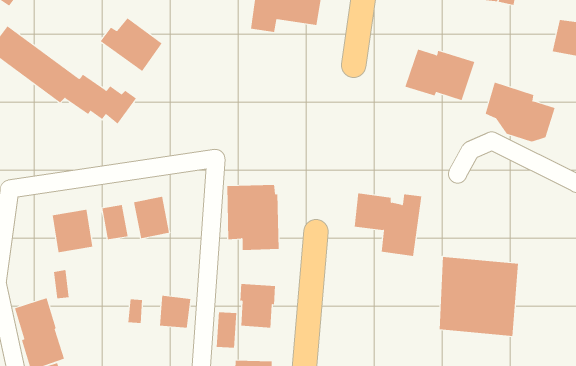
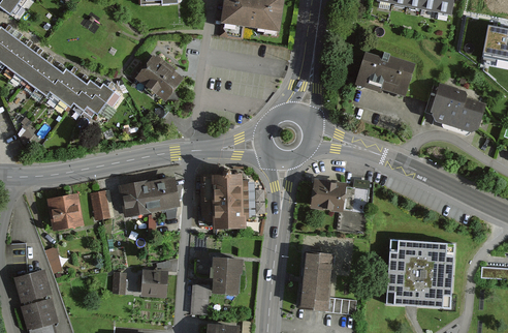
building: [100,17,163,72] -> [132,57,187,104]
building: none -> [144,175,180,218]
building: none -> [298,253,336,312]

